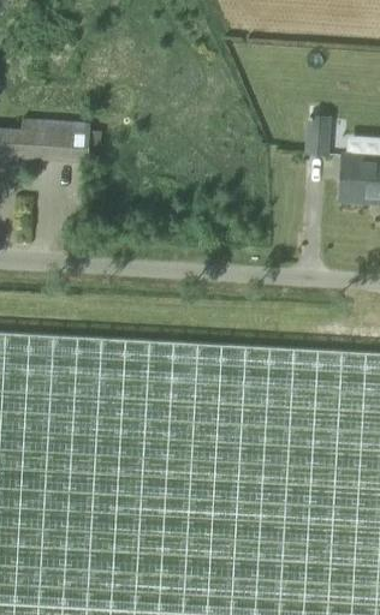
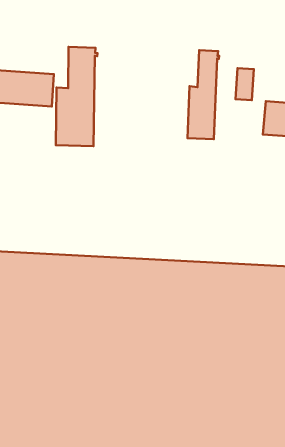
building: none -> [56,47,97,146]
building: none -> [187,50,219,139]

